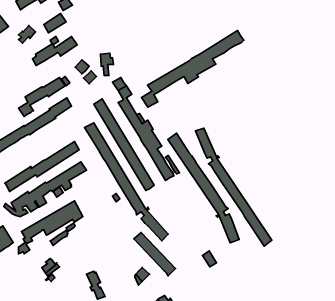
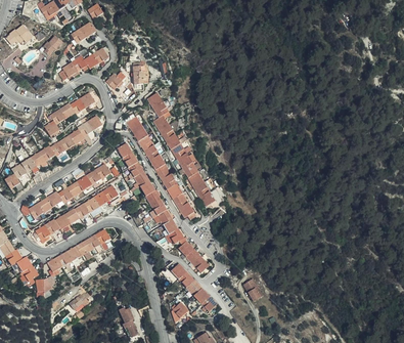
building: [141,30,244,107] -> none
building: [196,128,272,246] -> none
building: [168,133,239,243] -> none

